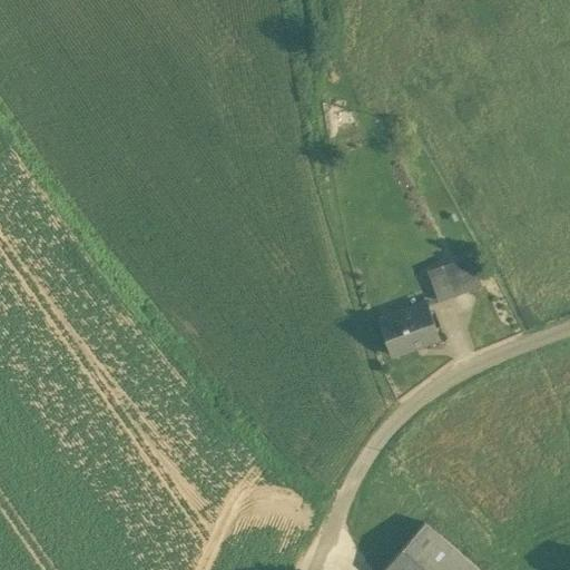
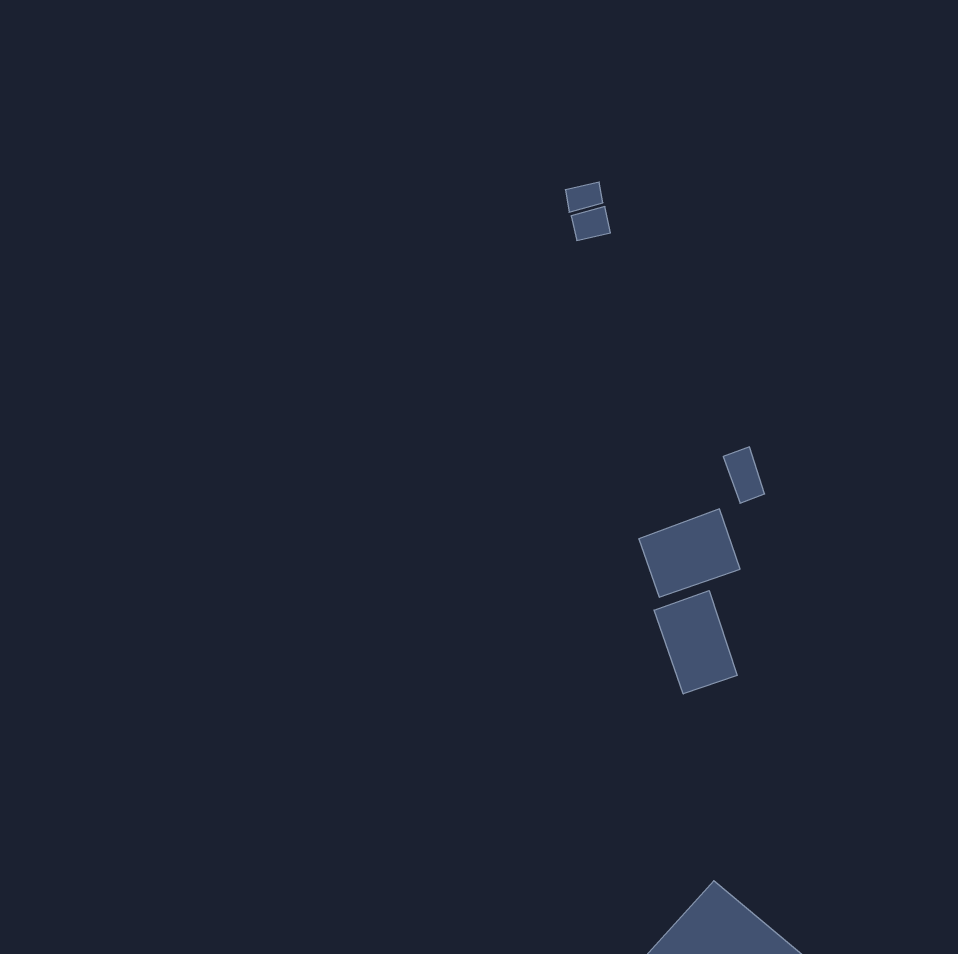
building: [444,259,479,296] -> none
building: none -> [654,591,737,694]

